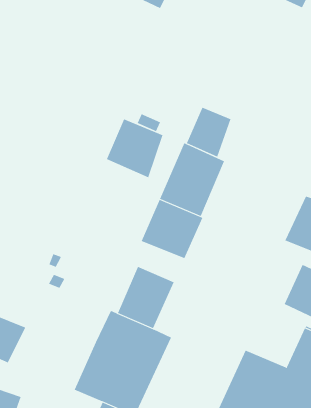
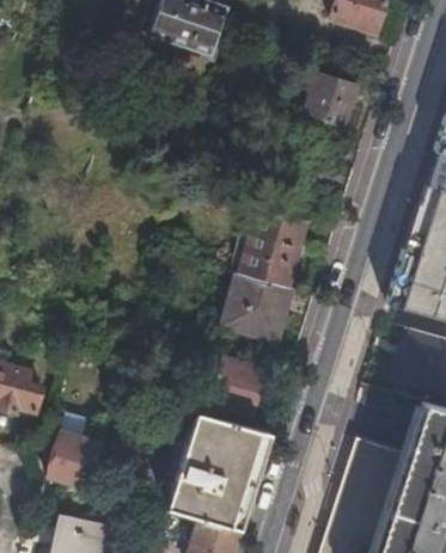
building: none -> [303,70,356,125]
building: [186,107,231,157] -> none
building: [106,118,163,178] -> none

